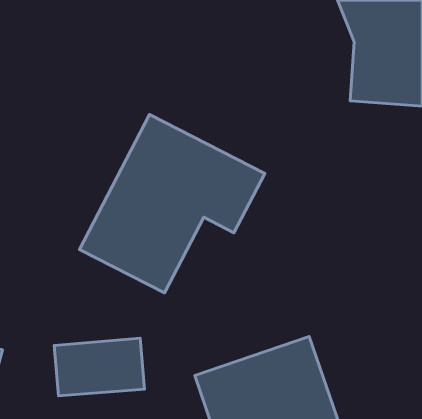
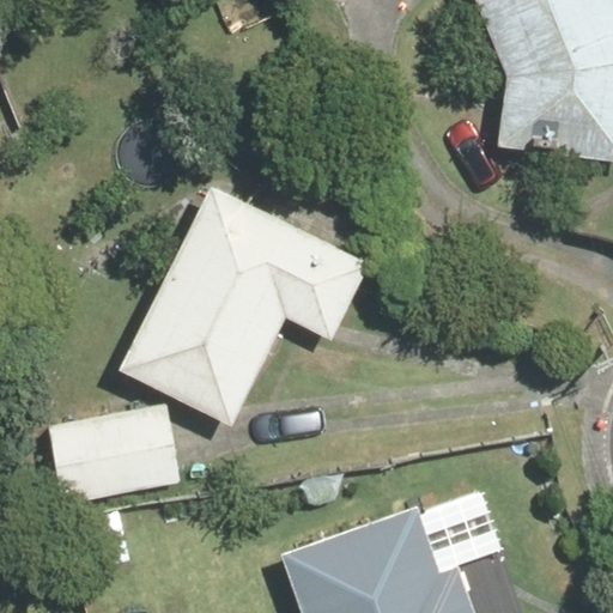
building: [54,338,144,396] -> [50,413,180,496]

